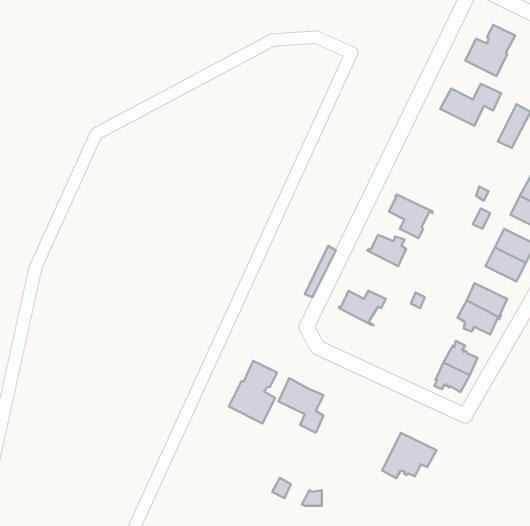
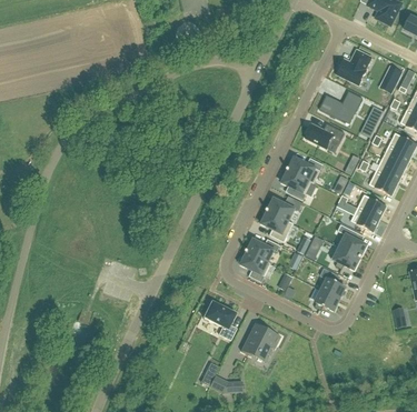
building: none -> [304,121,344,148]
building: none -> [287,157,322,181]
building: none -> [260,209,292,241]
building: none -> [240,250,269,281]
building: [229,361,277,423] -> none
building: [382,433,437,478] -> [240,322,279,354]

